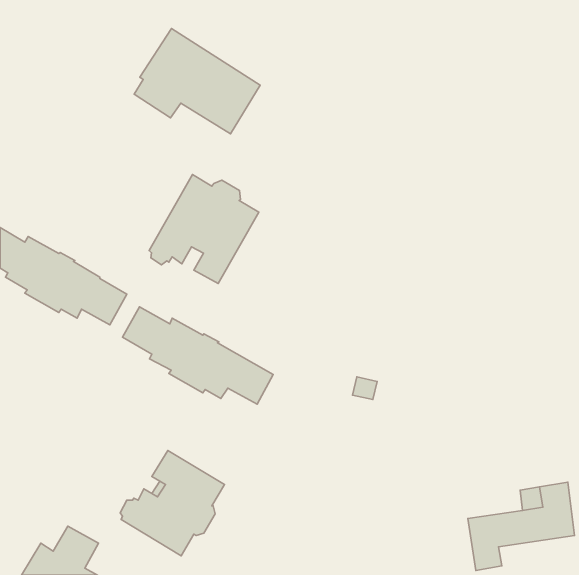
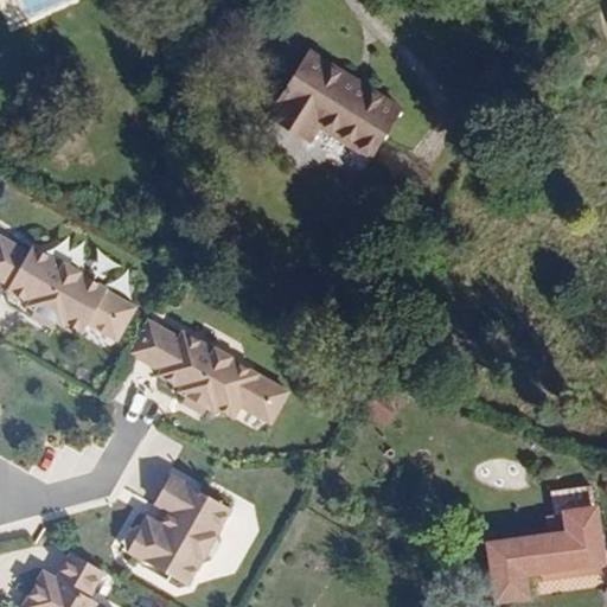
building: [134,28,260,134] -> [270,47,402,158]
building: [149,175,259,284] -> none

